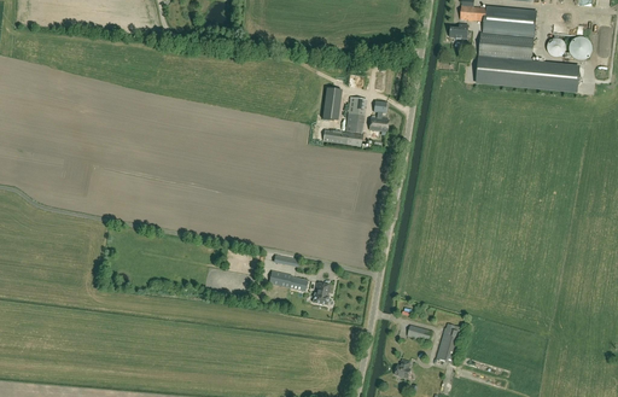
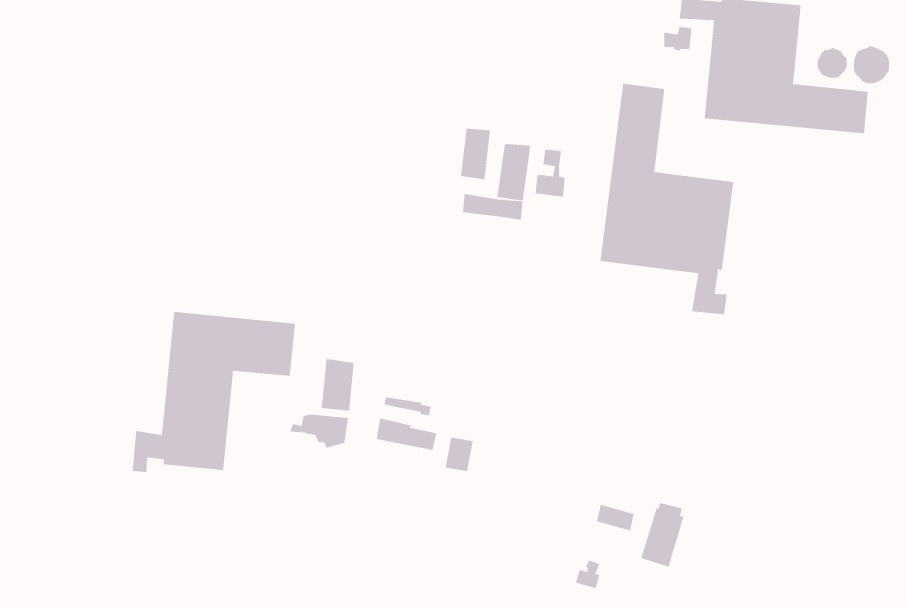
building: none -> [600,83,734,315]
building: none -> [132,311,296,473]
building: none -> [321,358,354,411]

